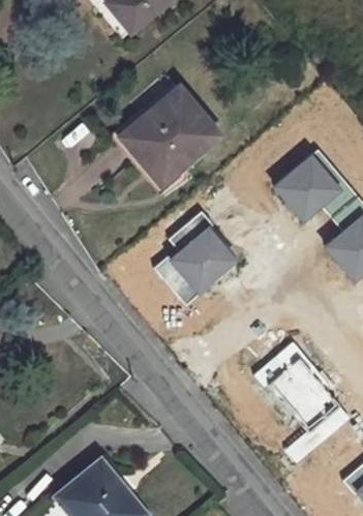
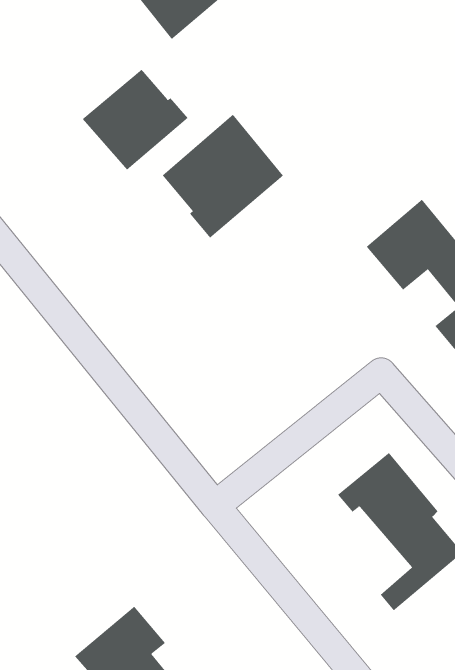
building: none -> [82,69,189,171]
building: [157,213,237,304] -> none

